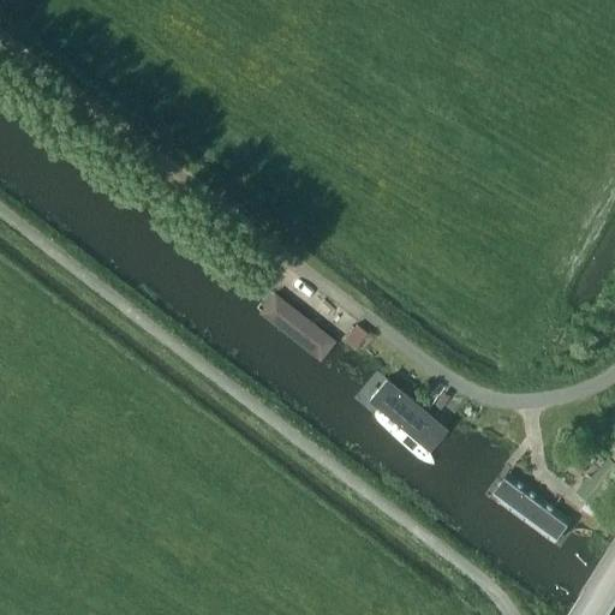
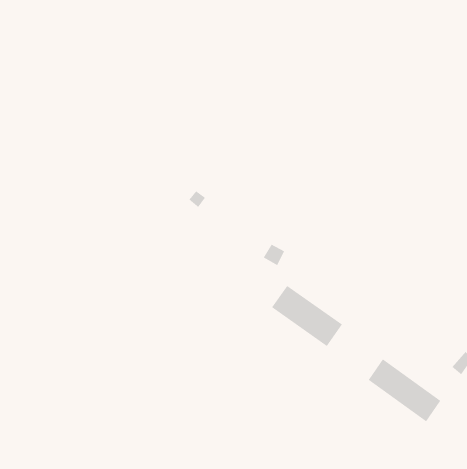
building: [249,288,339,366] -> none

